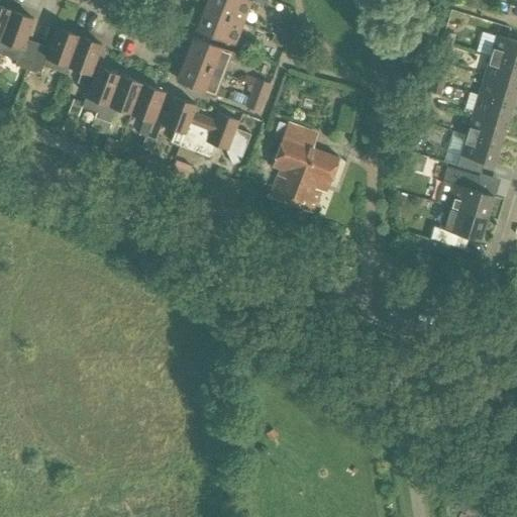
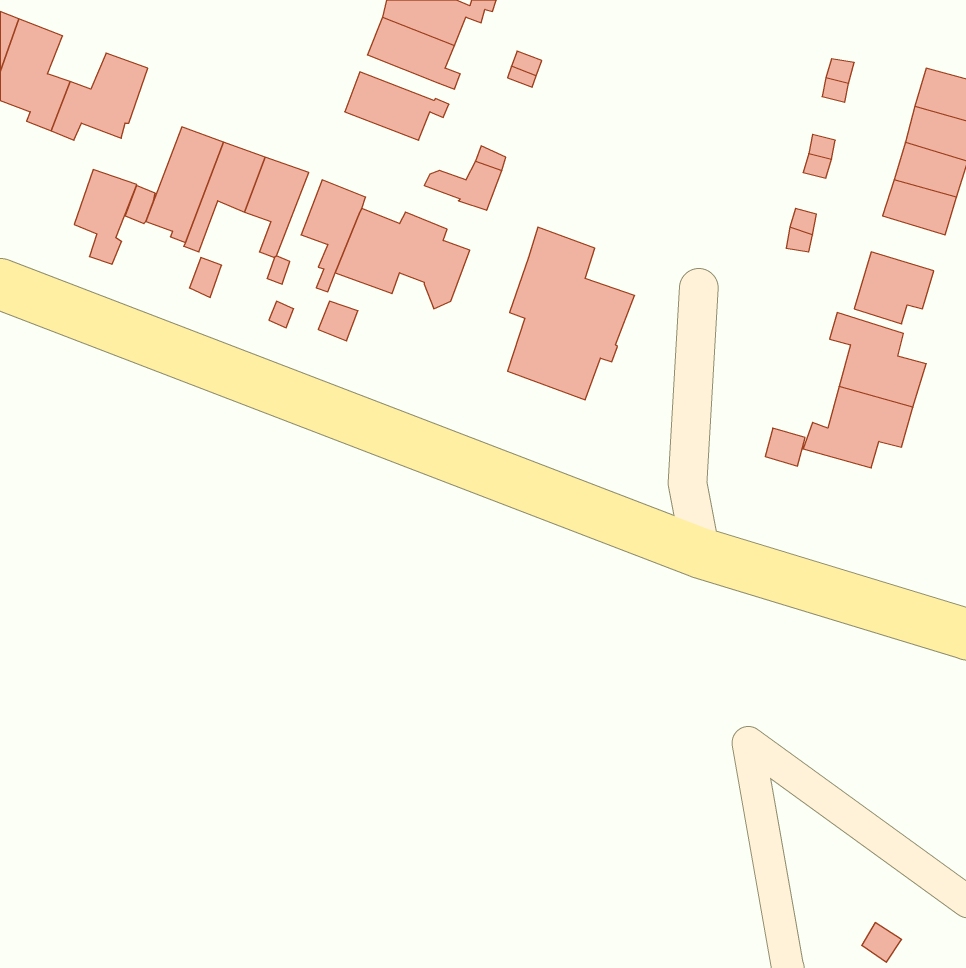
building: [70,36,103,87] -> [74,170,137,264]
building: [177,60,226,98] -> none
building: [466,115,505,144] -> none

